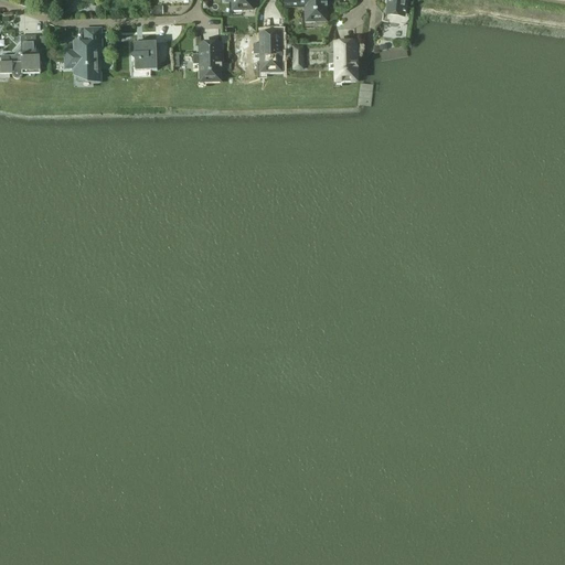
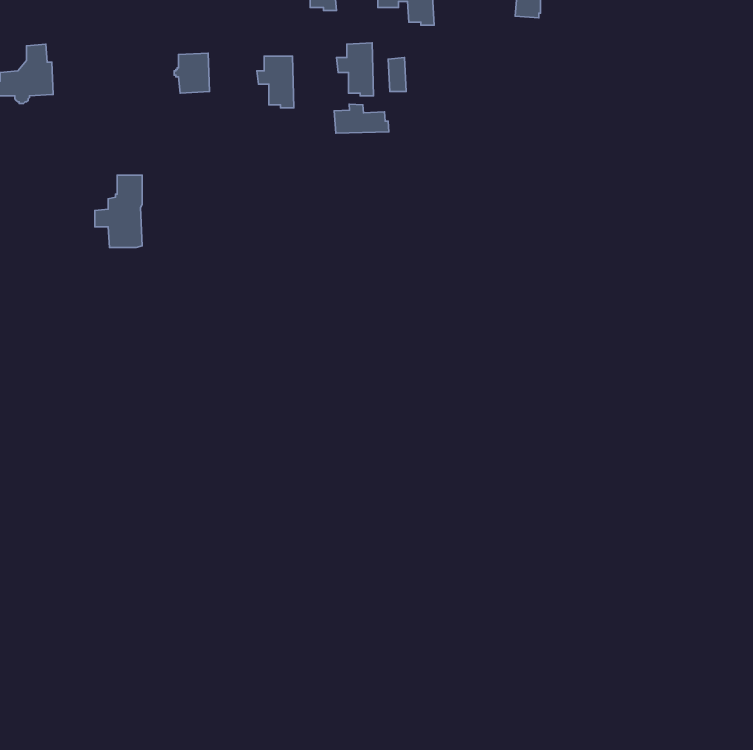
building: [66,25,102,79] -> [95,175,142,247]
building: [327,40,354,79] -> none
building: none -> [334,104,389,133]

